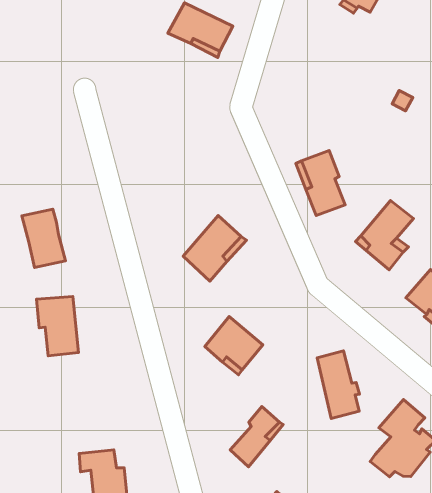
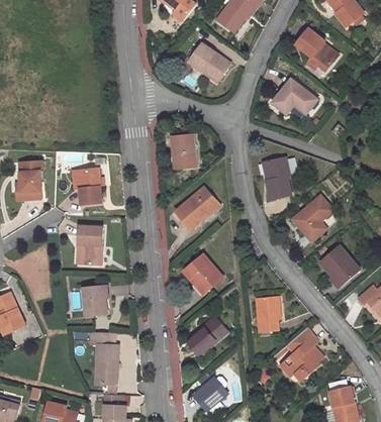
building: none -> [274,79,318,113]
building: none -> [174,134,198,169]
building: none -> [82,285,105,314]

